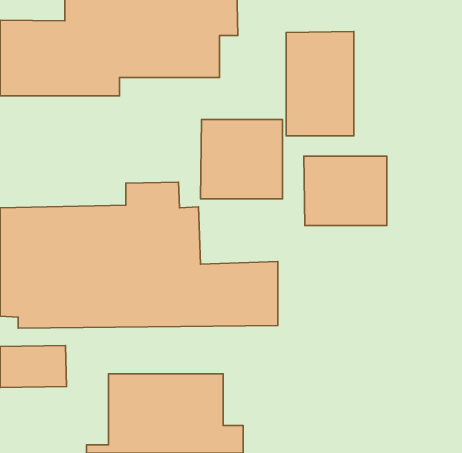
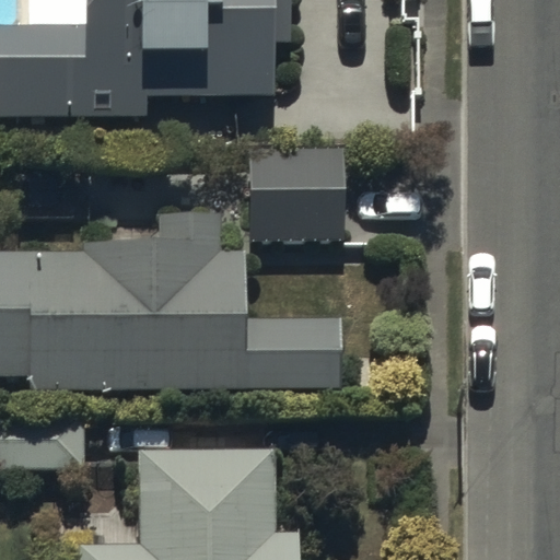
building: [286,31,354,136] -> none
building: [304,156,387,226] -> none

